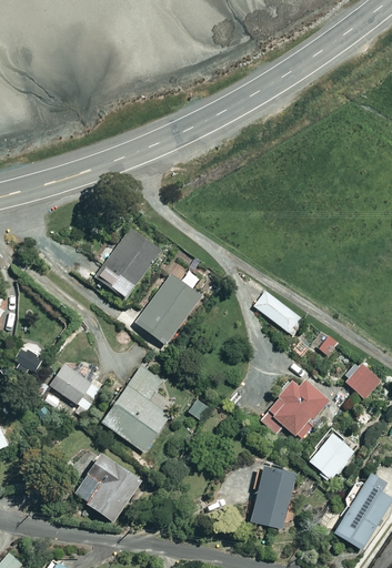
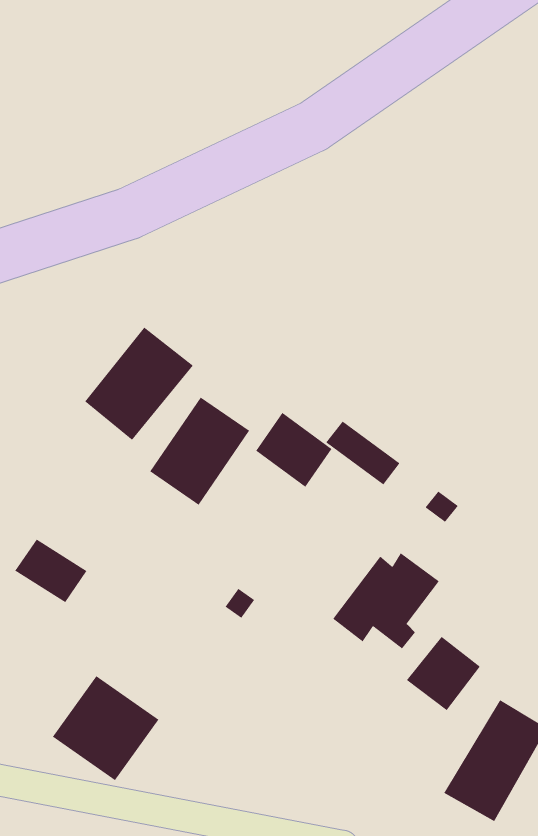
building: none -> [255,412,332,488]
building: [340,359,379,397] -> none
building: [101,365,170,453] -> none
building: [247,463,292,526] -> none

